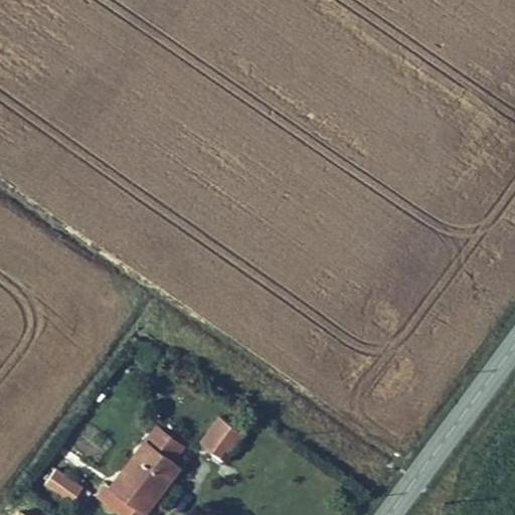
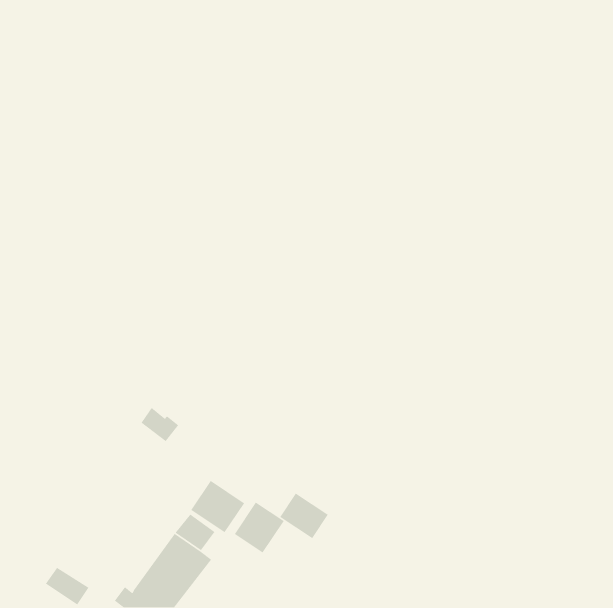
building: none -> [190,480,245,533]
building: none -> [279,493,329,539]

